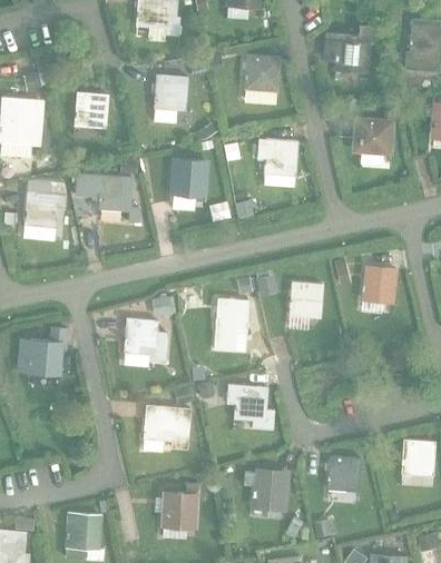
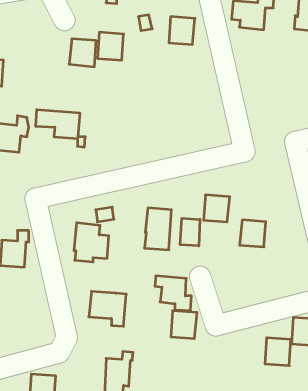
building: [72,92,107,128] -> [69,39,96,67]
building: [353,113,393,154] -> none
building: [257,140,297,175] -> none
building: [173,159,206,195] -> none
building: [362,267,395,302] -> [240,220,266,247]
building: none -> [180,218,200,246]
building: [327,456,361,492] -> [265,338,291,366]
building: [254,472,287,507] -> [171,311,197,339]

